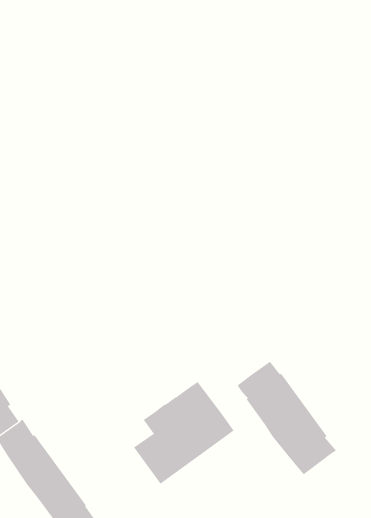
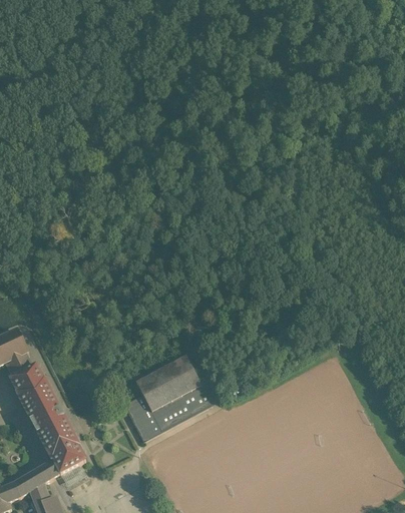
building: [237,361,337,475] -> none

